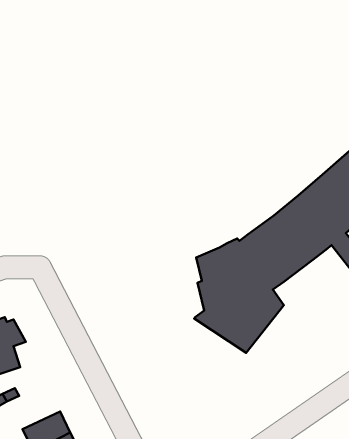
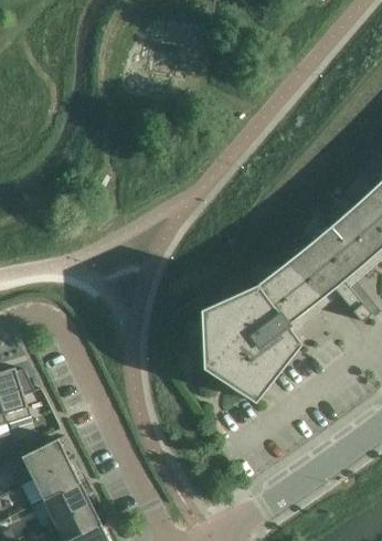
building: none -> [21,438,70,478]

